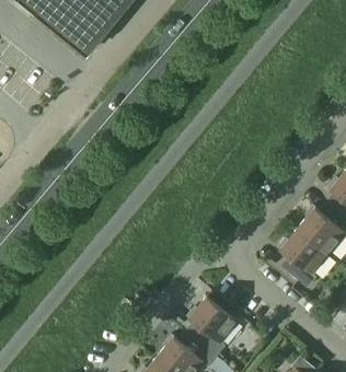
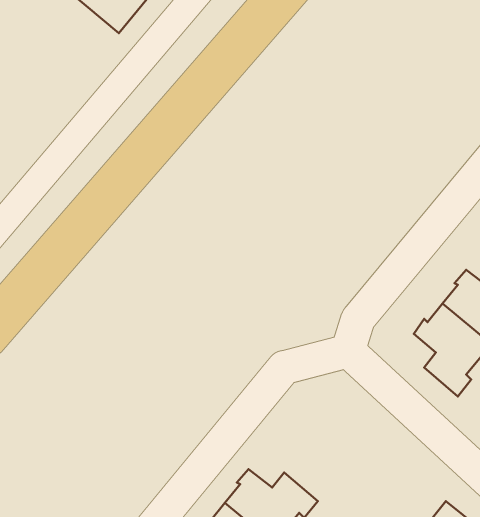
building: [187,295,239,356] -> none

